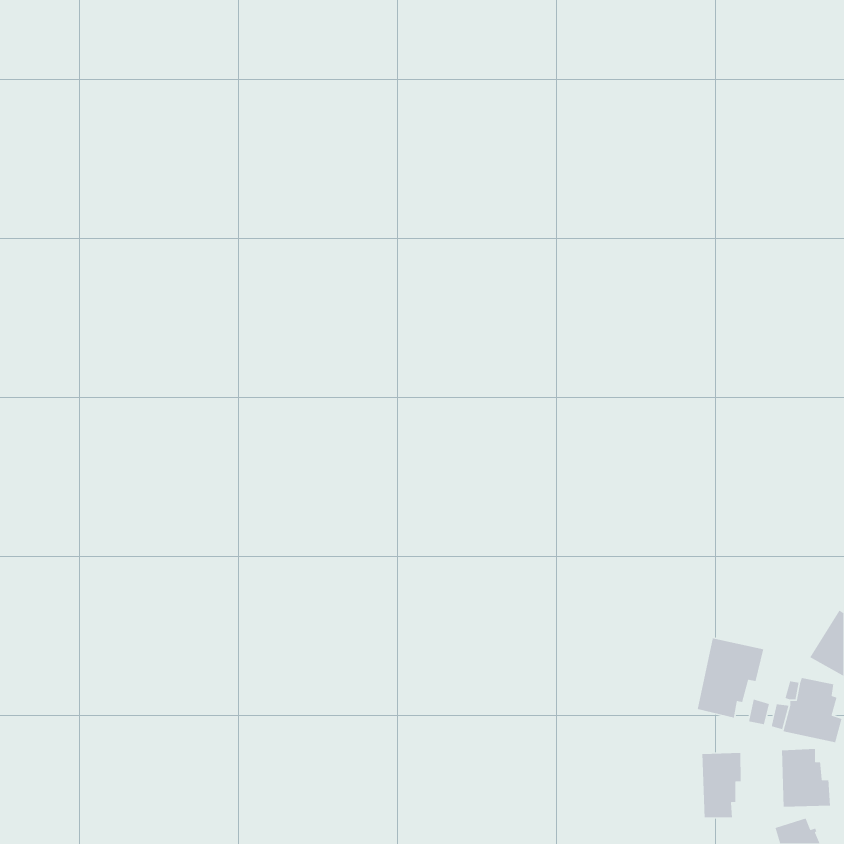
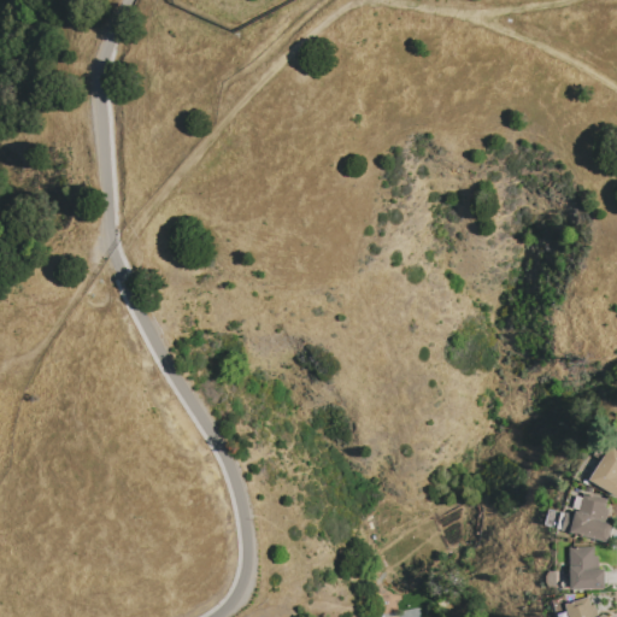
building: [697,637,764,718] -> none
building: [701,752,742,818] -> none

